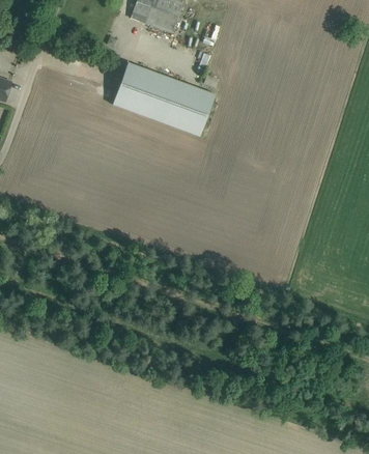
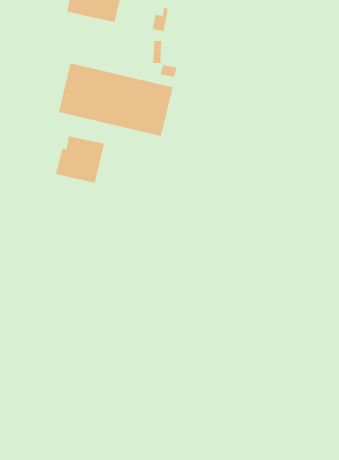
building: none -> [55,135,105,184]

